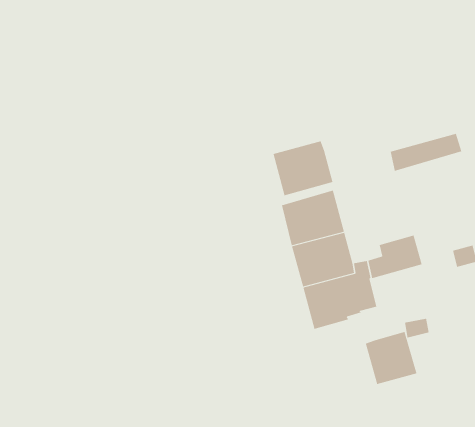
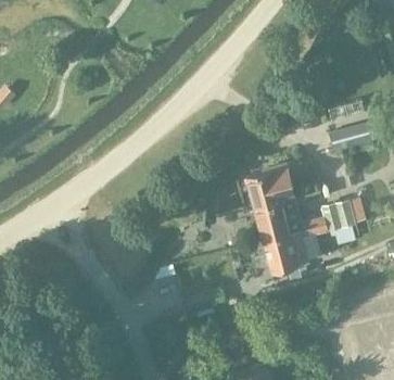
building: [273,141,333,196] -> none
building: [365,331,417,385] -> none

